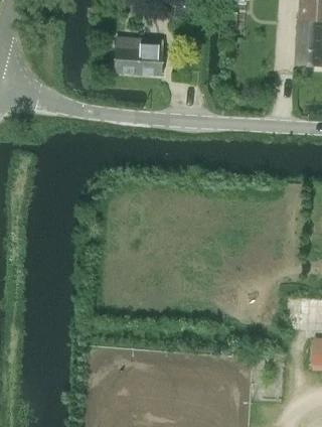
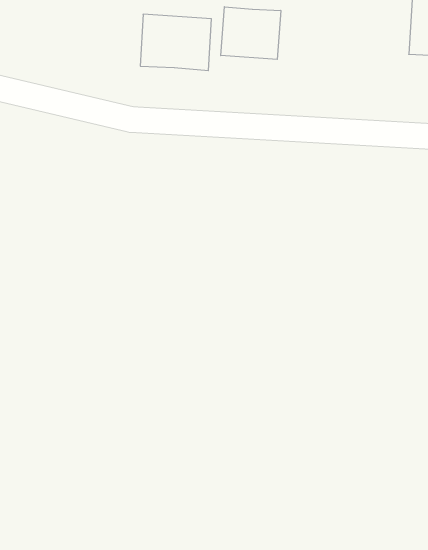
building: none -> [221,7,281,59]

